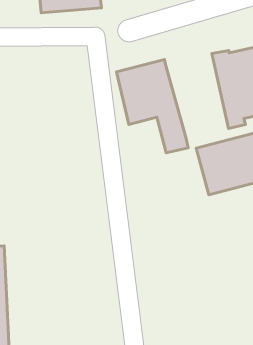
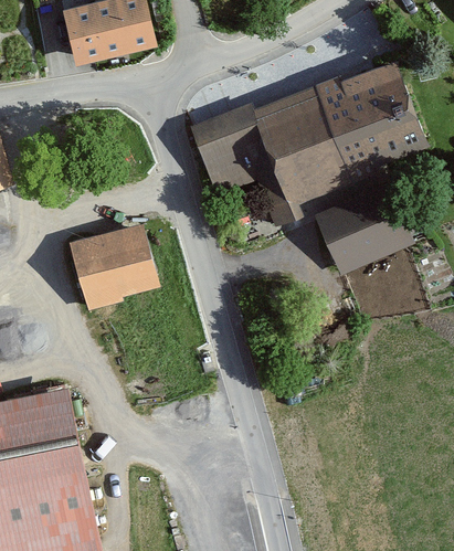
building: none -> [254,85,352,205]
building: none -> [68,224,159,312]

